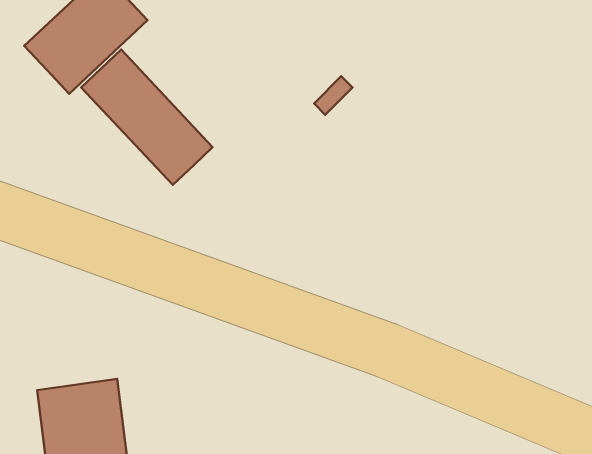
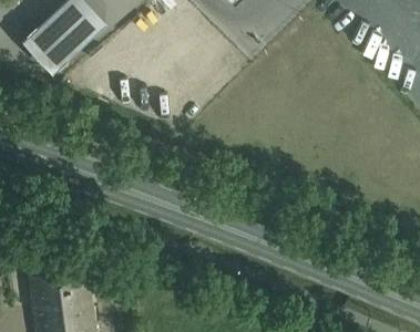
building: [81,50,213,185] -> none

